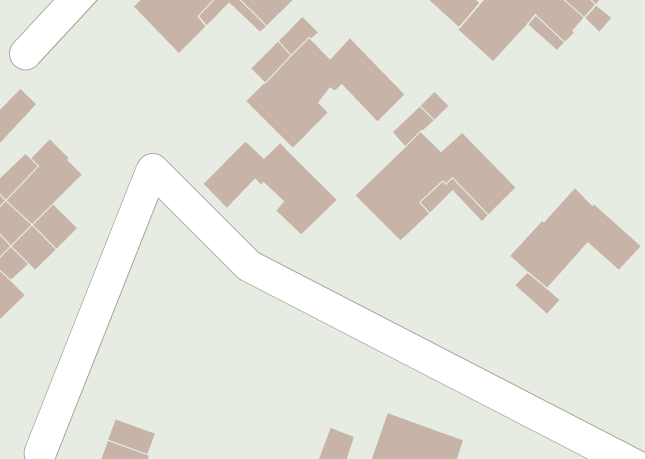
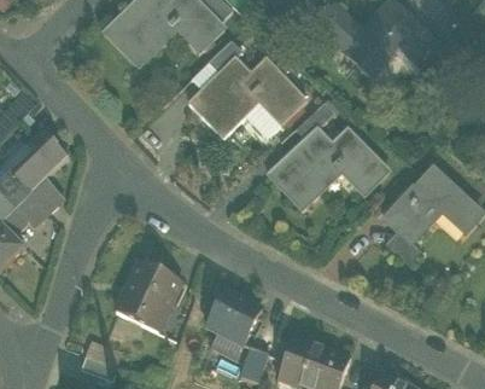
building: [203,141,337,235] -> none
building: none -> [118,261,181,331]
building: none -> [206,289,262,344]

